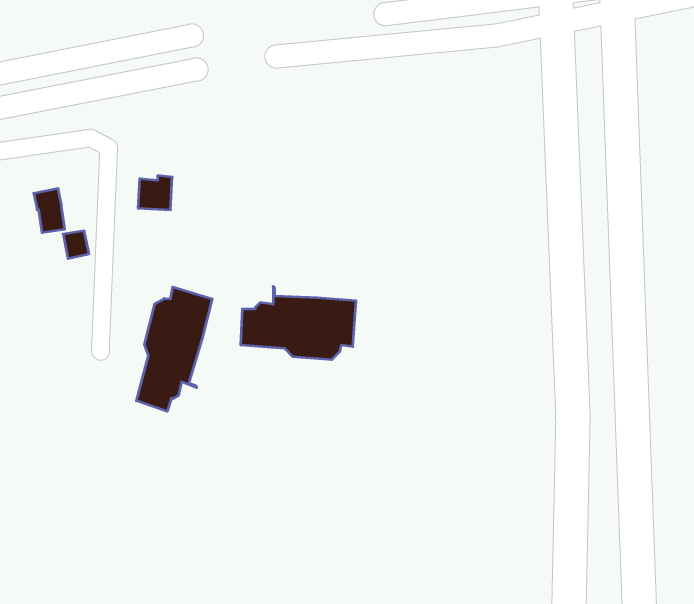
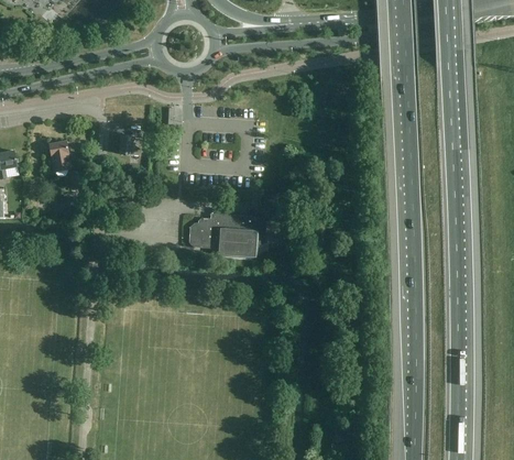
building: [136,287,212,411] -> none

